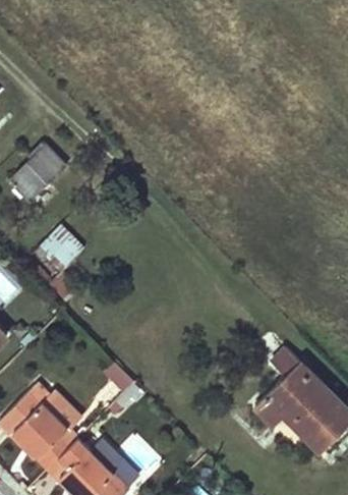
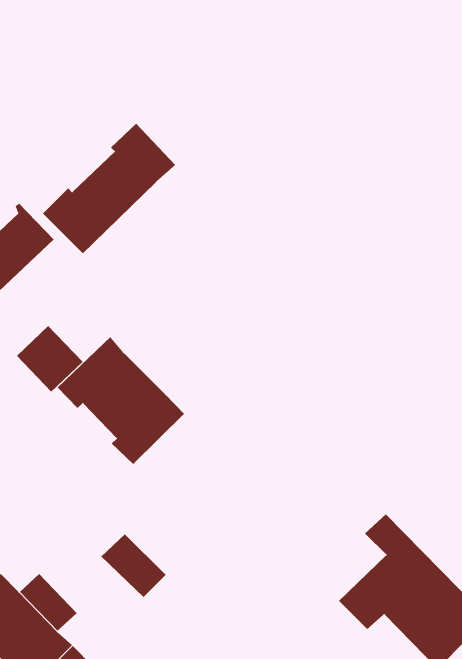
building: none -> [42,123,176,254]
building: none -> [57,336,185,465]

